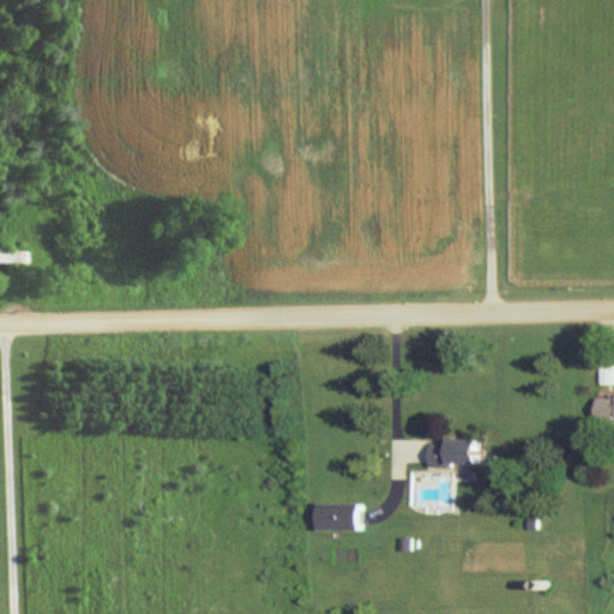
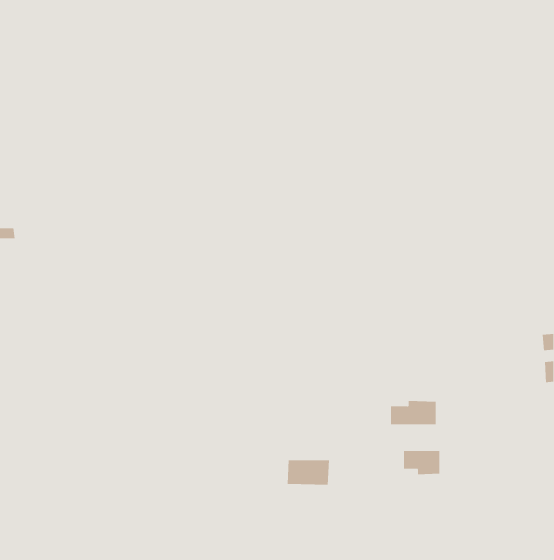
building: none -> [404,450,440,475]

